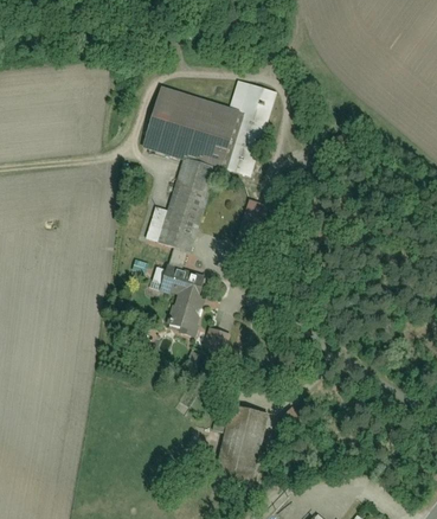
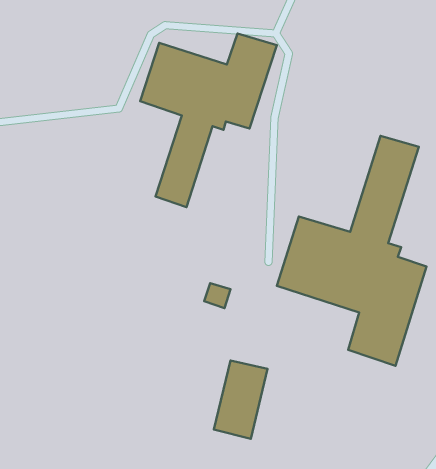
building: none -> [277,136,426,366]
building: [160,262,205,337] -> none

